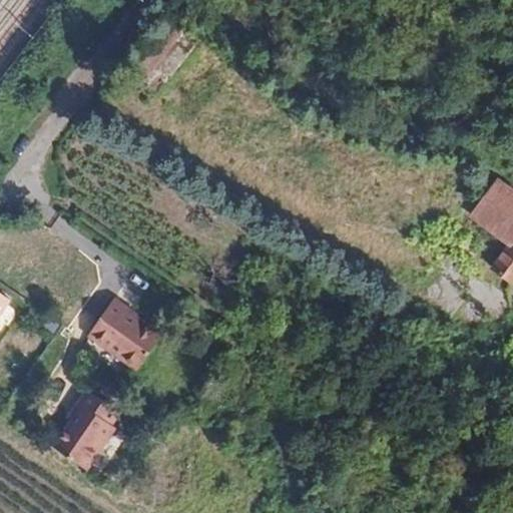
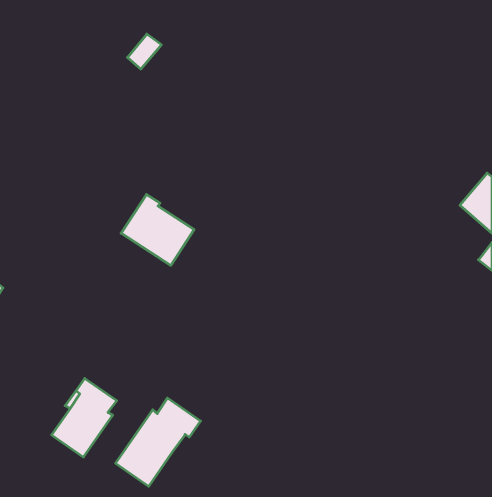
building: [87,298,162,371] -> [121,194,194,265]
building: none -> [116,398,201,486]

